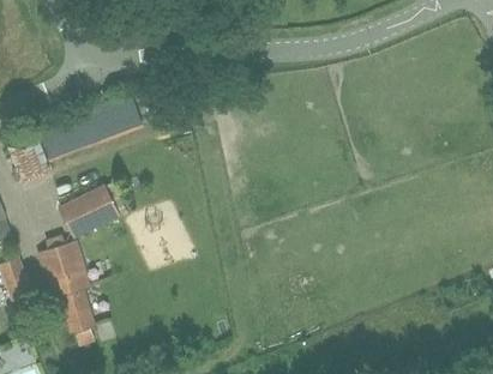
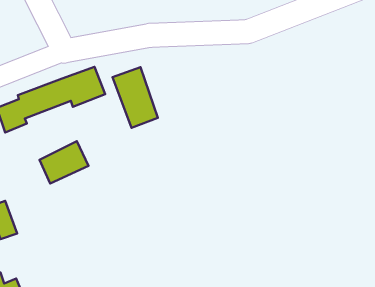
building: none -> [112,67,158,128]
building: [36,240,94,340] -> none

